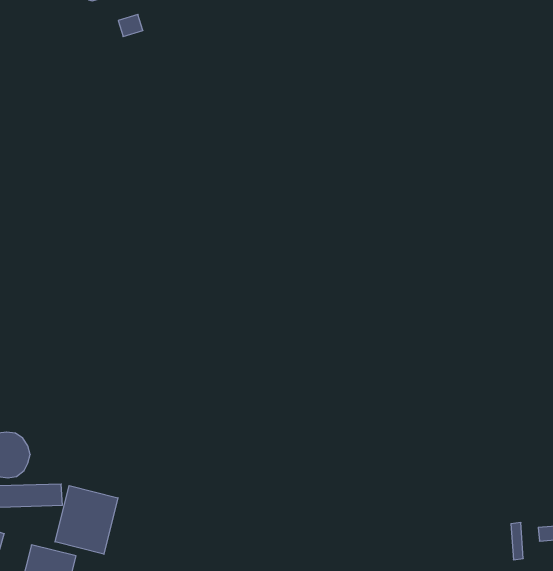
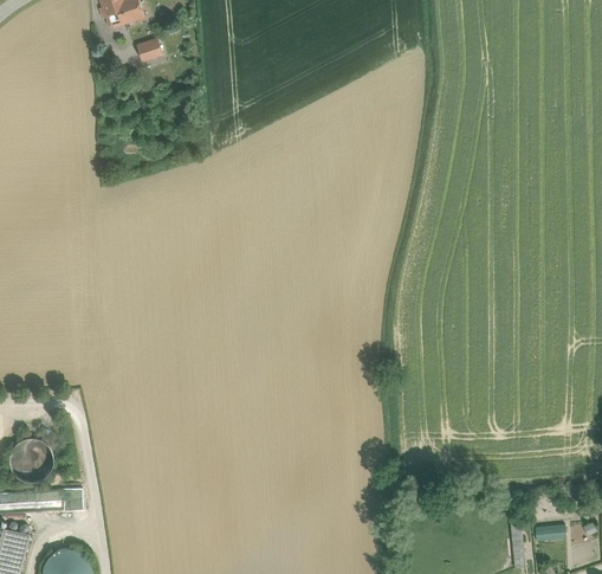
building: [55,486,118,554] -> none

